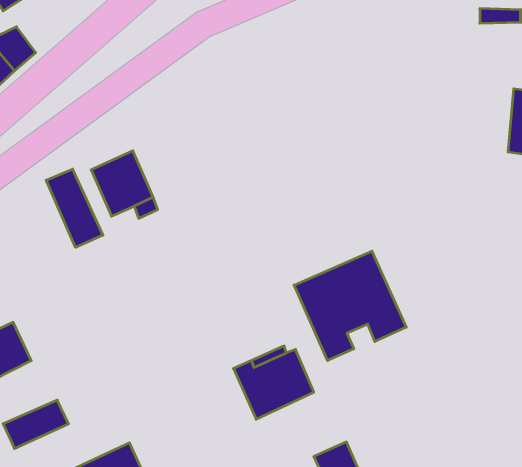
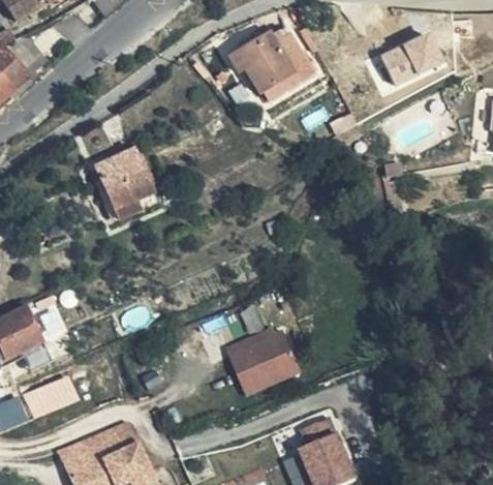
building: none -> [229,26,314,101]
building: none -> [380,29,445,83]
building: [46,169,103,247] -> none
building: [294,251,406,361] -> none

